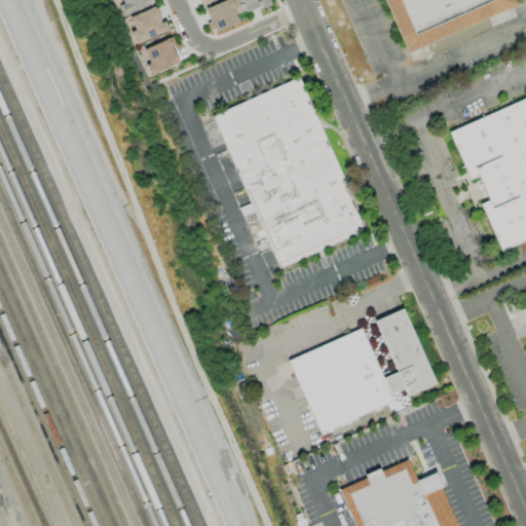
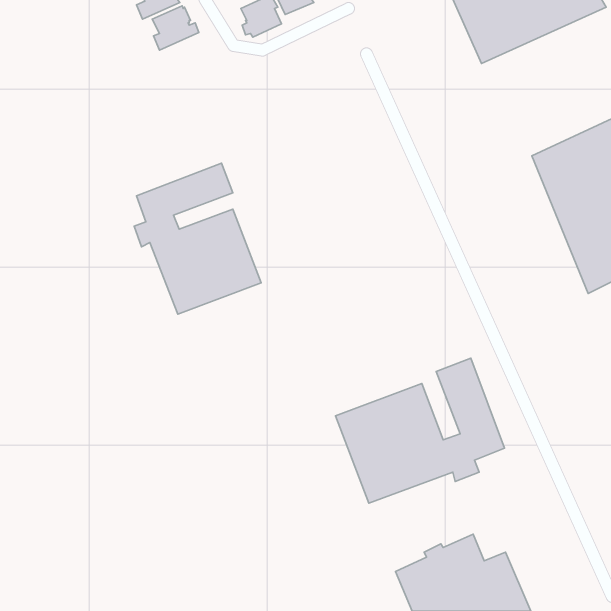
building: [144,38,179,74] -> none
building: [216,77,363,266] -> none
building: none -> [134,163,261,314]

